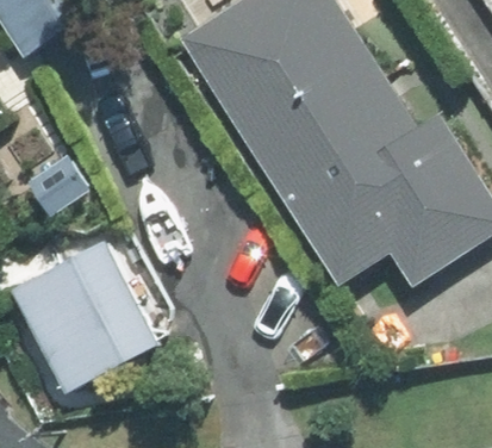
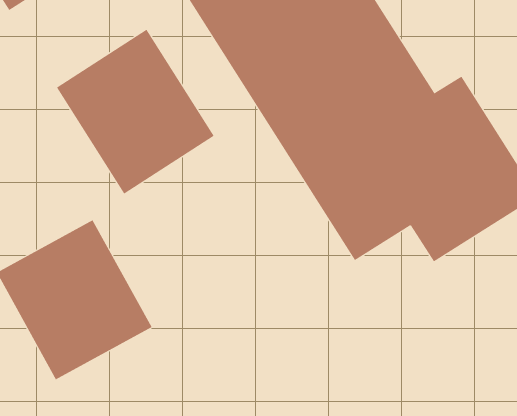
building: none -> [56,29,214,194]

